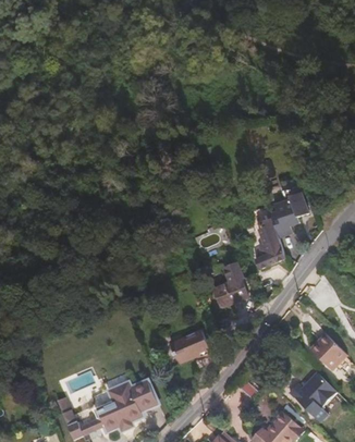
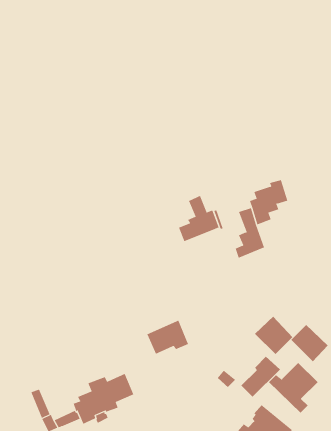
building: [215,261,255,307] -> [178,195,219,242]
building: none -> [254,316,293,355]
building: none -> [241,356,281,398]

